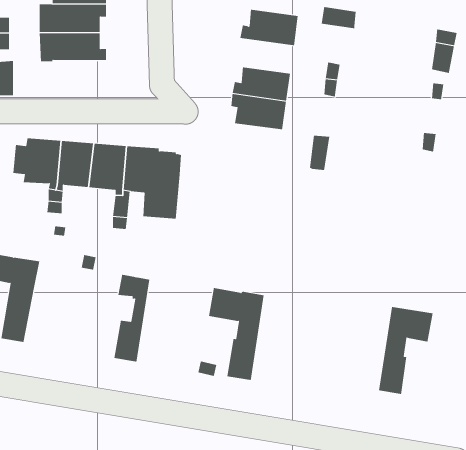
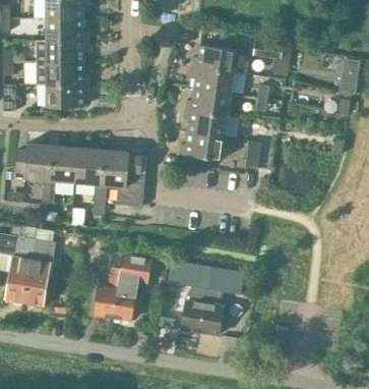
building: none -> [190,66,234,94]
building: none -> [47,84,88,107]
building: none -> [179,132,225,170]
building: none -> [24,239,56,305]
building: none -> [112,251,152,321]
building: [378,305,433,394] -> [200,266,243,335]

